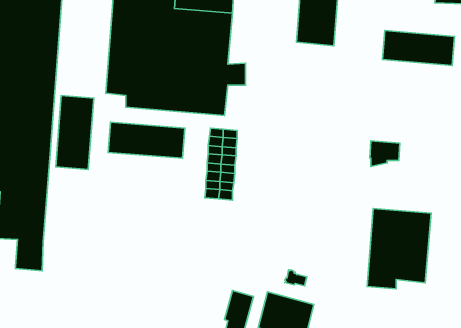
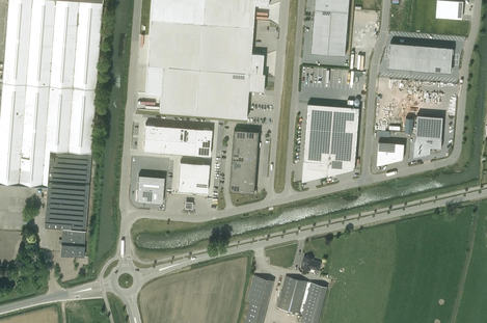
building: [56,96,94,169] -> none
building: none -> [414,115,443,157]
building: none -> [178,162,209,193]
building: none -> [137,174,164,204]
building: [367,209,431,289] -> [302,104,359,176]

